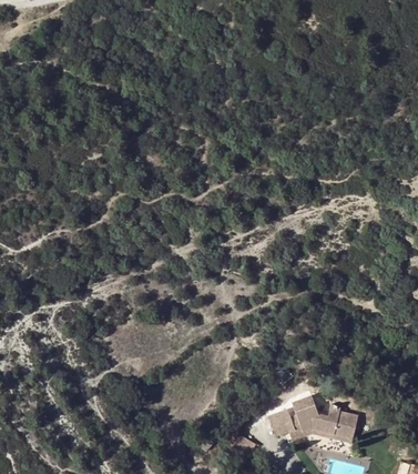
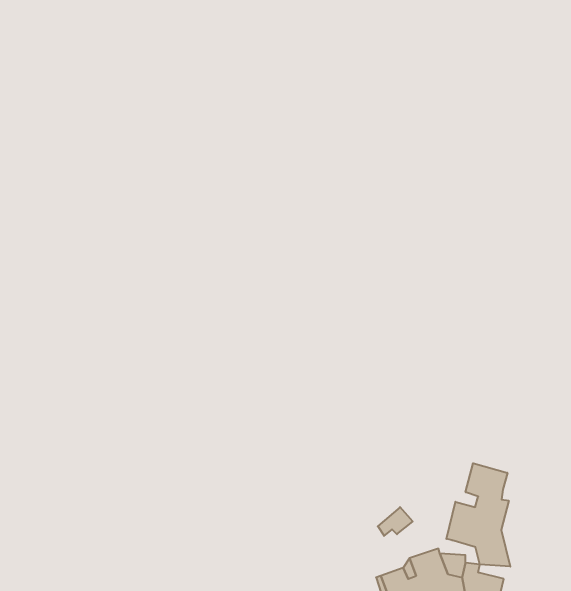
building: none -> [446,463,510,567]

